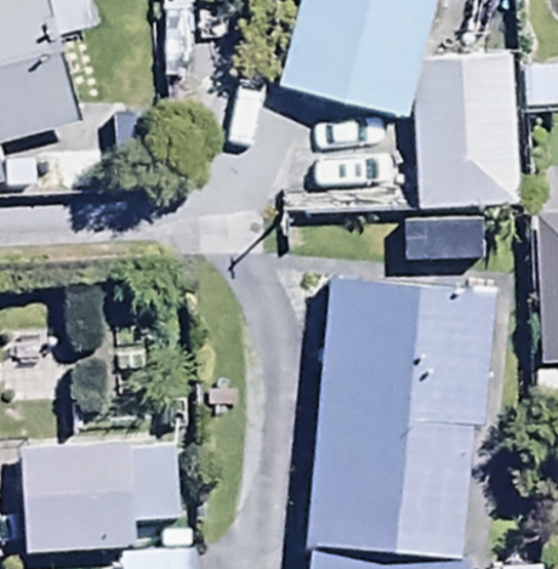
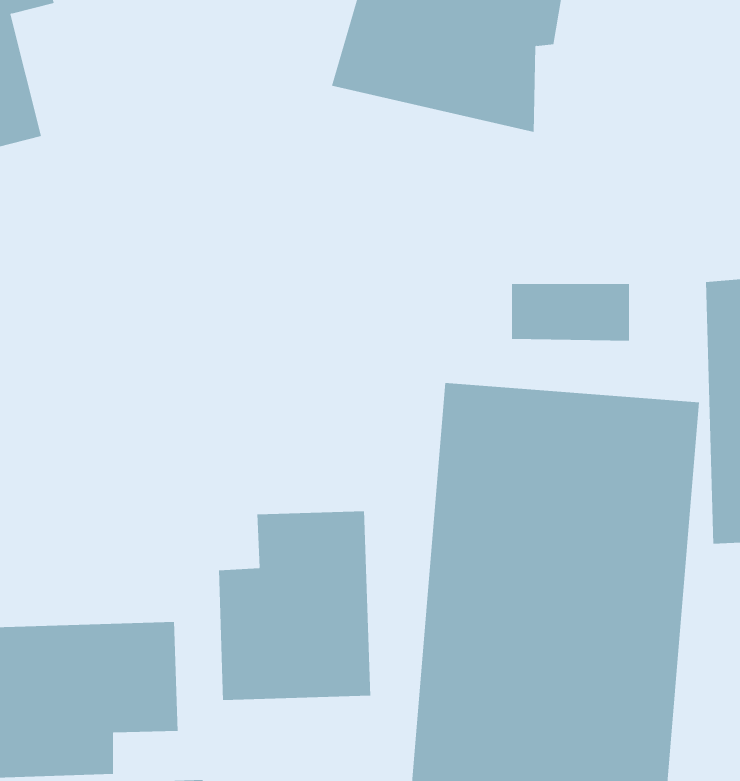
building: [410,53,509,207] -> none
building: none -> [219,510,371,701]

